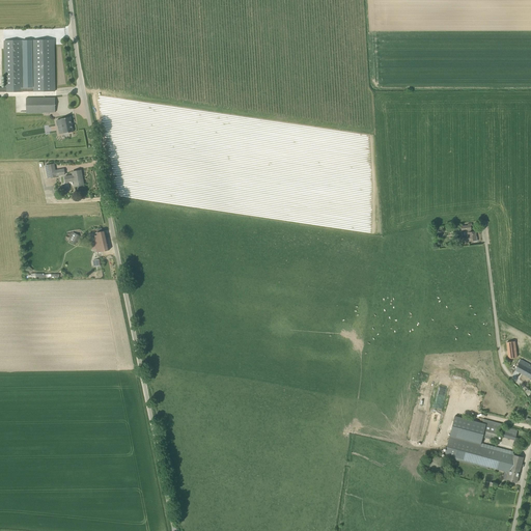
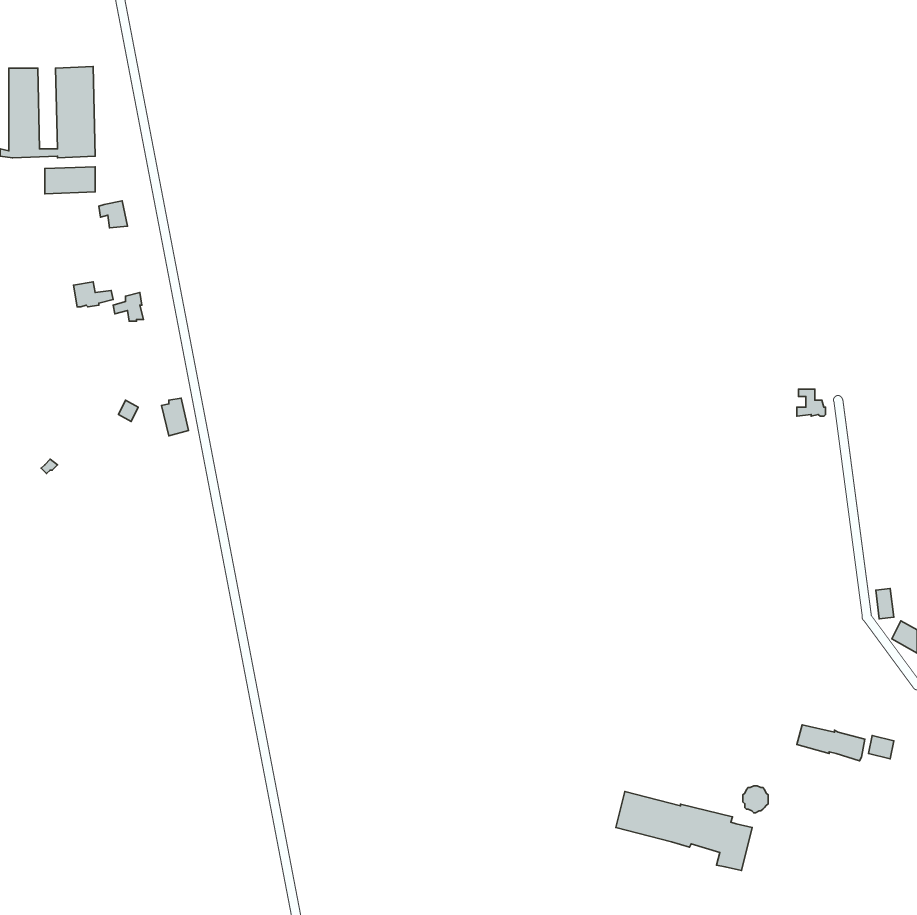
building: [444,436,523,481] -> [616,792,752,871]

